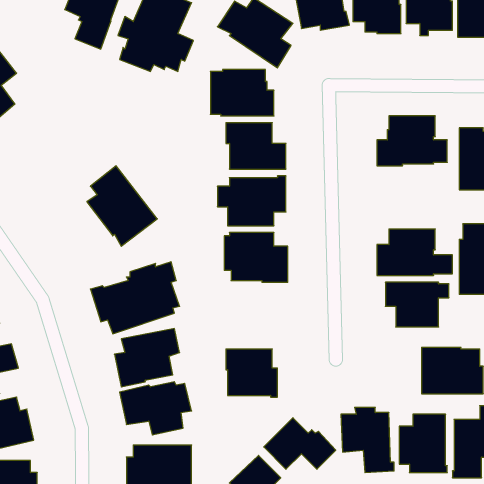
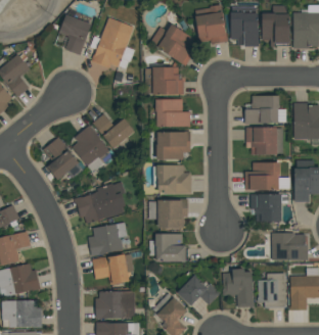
building: none -> [91,113,134,155]
building: none -> [245,127,282,155]
building: none -> [42,137,79,180]
building: none -> [148,198,187,228]

